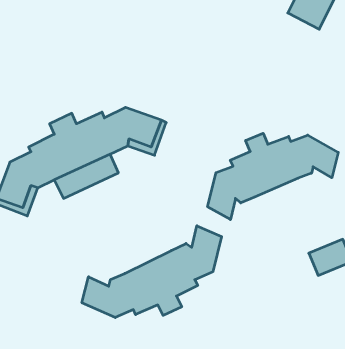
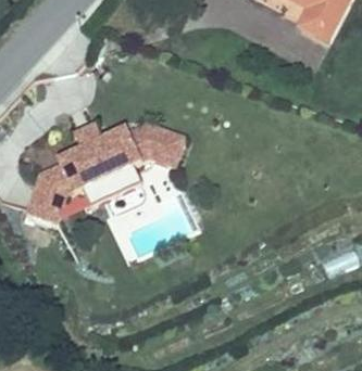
building: [208,133,338,220] -> none
building: [82,226,222,318] -> none

